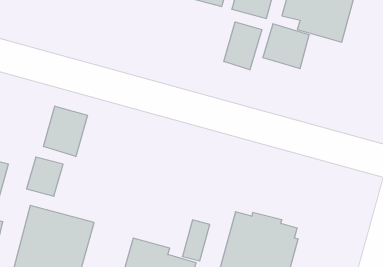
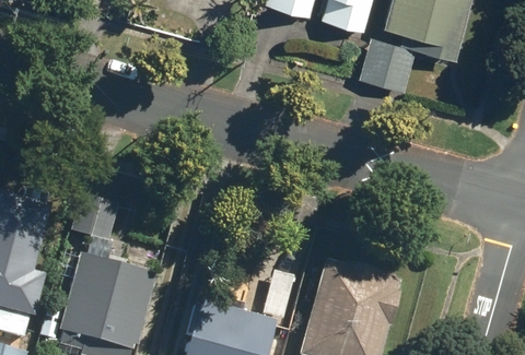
building: [224,22,262,70] -> none
building: [44,106,88,157] -> none

